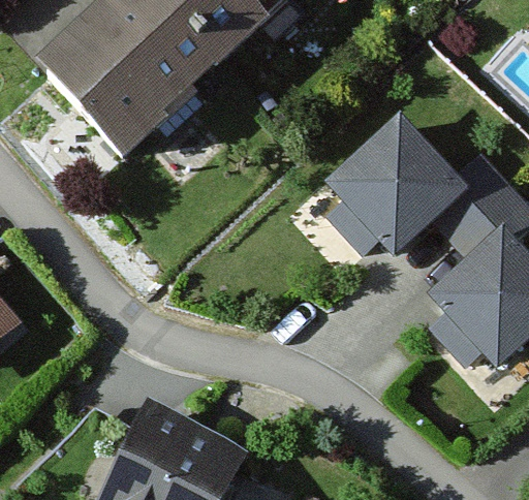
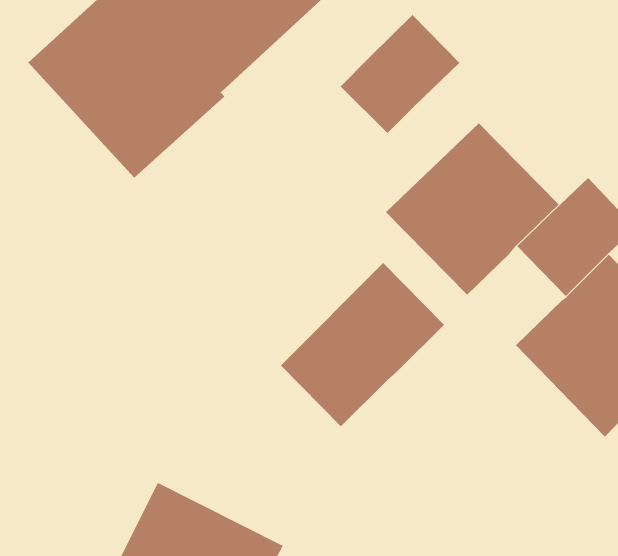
building: none -> [340,14,460,134]
building: none -> [280,262,445,427]

